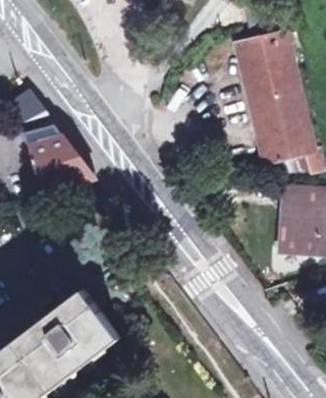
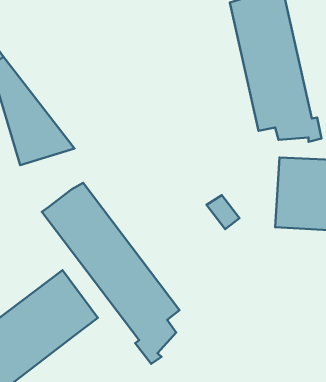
building: none -> [42,183,179,364]

